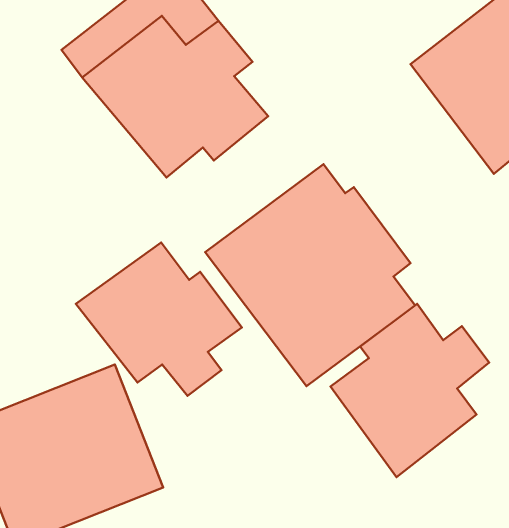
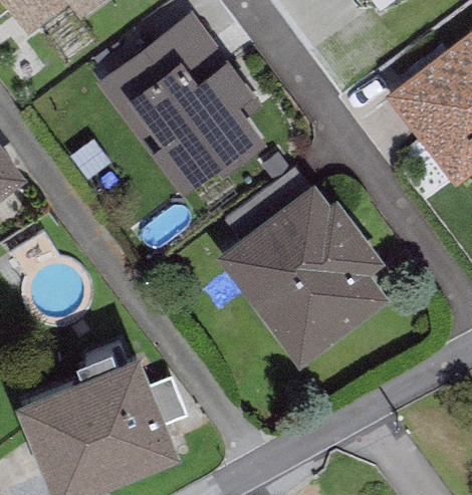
building: [76,242,242,396] -> none
building: [331,304,489,477] -> none

